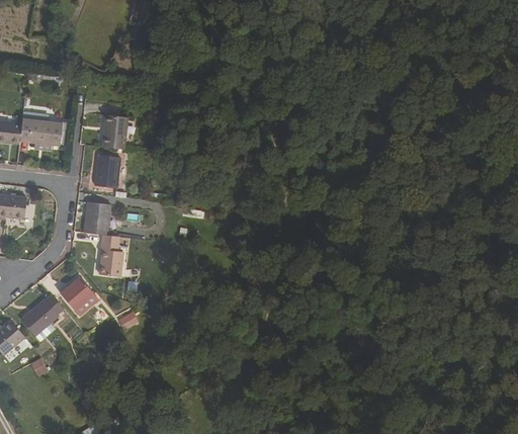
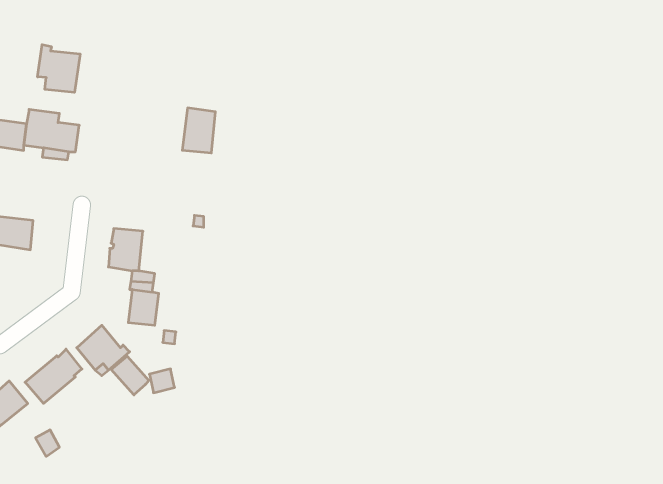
building: none -> [38,45,80,92]
building: [101,114,126,149] -> [182,108,215,153]
building: [95,155,119,188] -> none
building: none -> [111,356,149,395]

